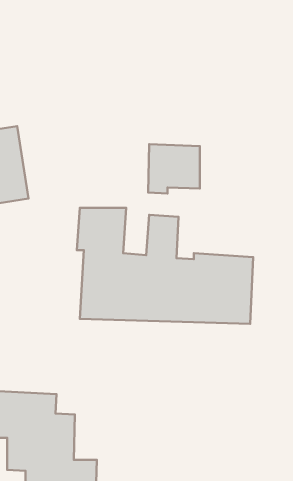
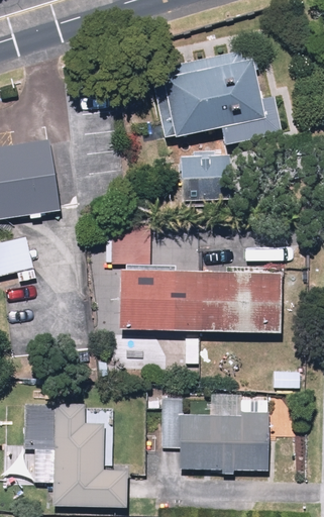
building: none -> [155,50,284,146]
building: none -> [163,394,272,474]

